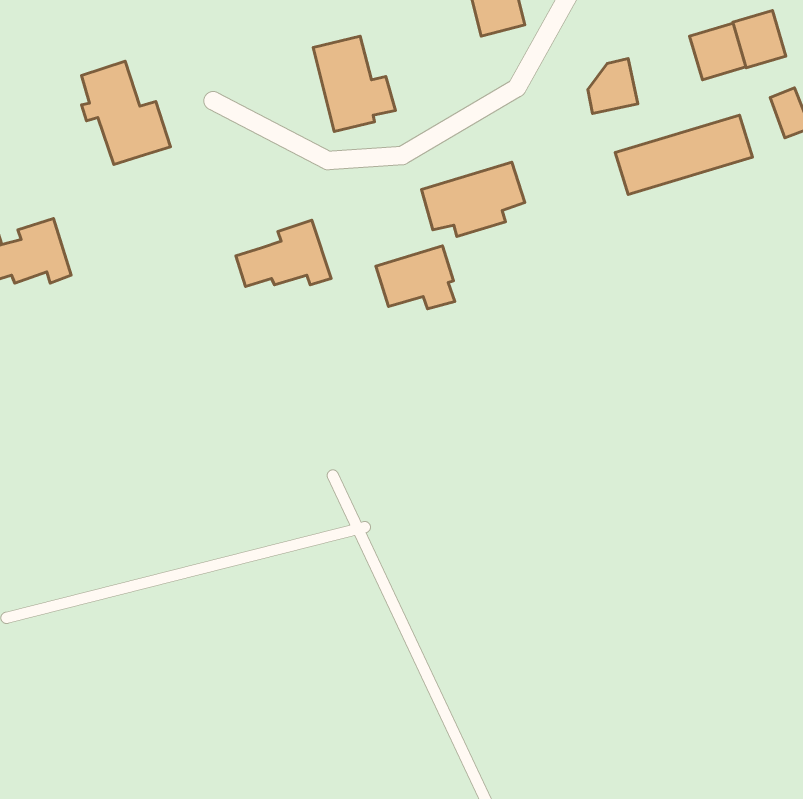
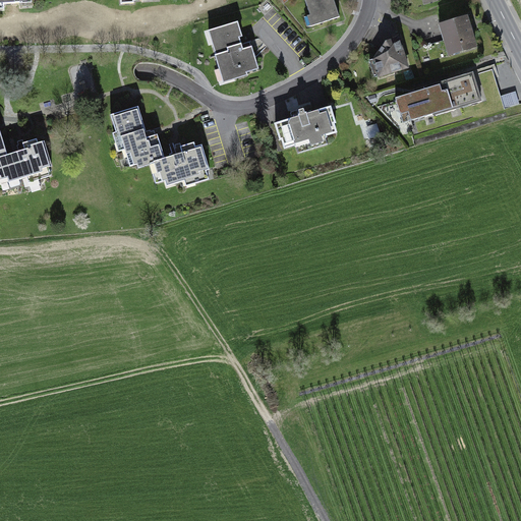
building: [733,10,786,68] -> none
building: [82,61,170,164] -> [115,103,171,168]
building: [376,246,455,309] -> none

